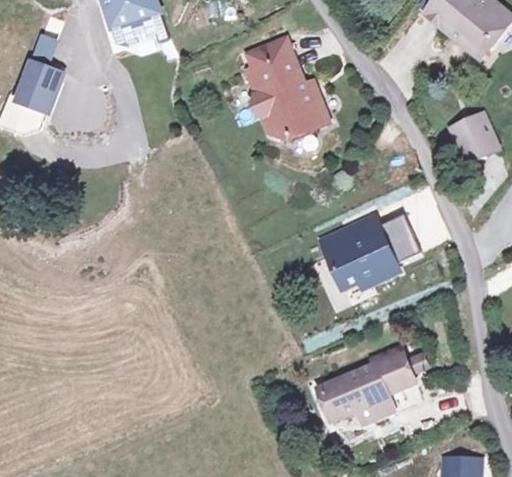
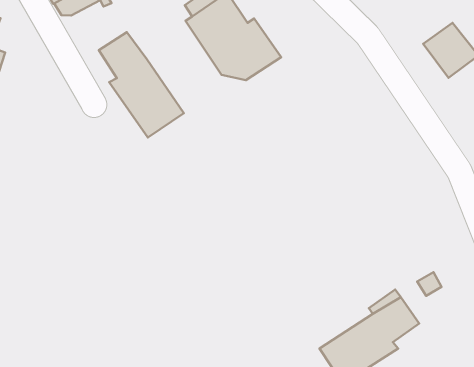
building: none -> [99,32,184,138]
building: [319,208,428,294] -> none

